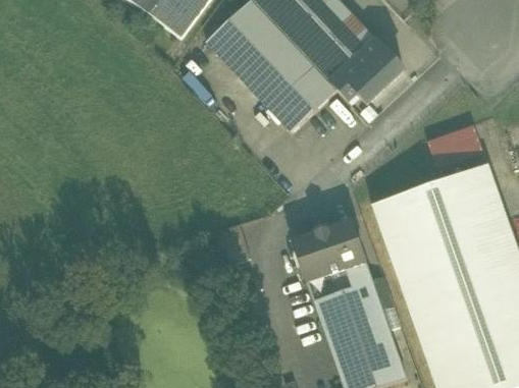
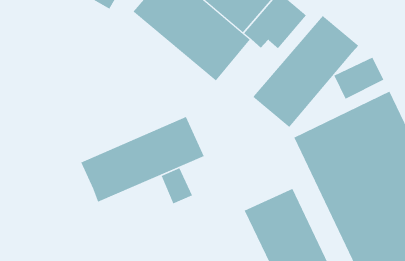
building: none -> [252,15,359,128]
building: none -> [81,116,205,203]
building: [292,220,365,281] -> none

